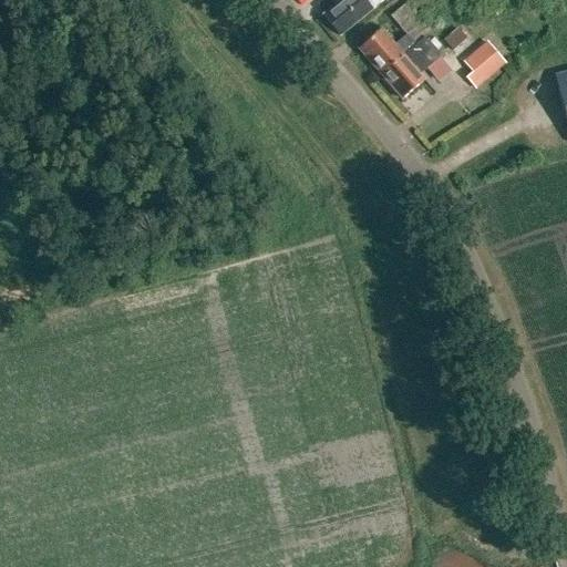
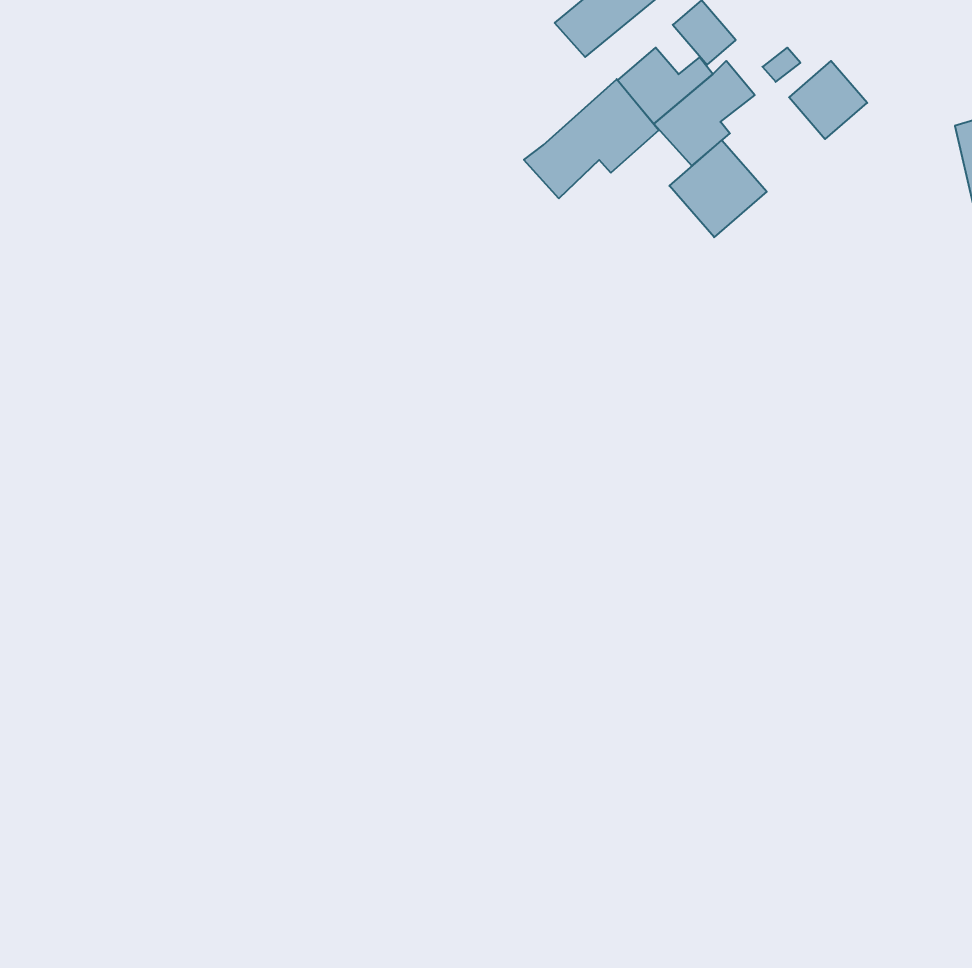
building: none -> [524,79,659,198]
building: none -> [669,140,767,237]

